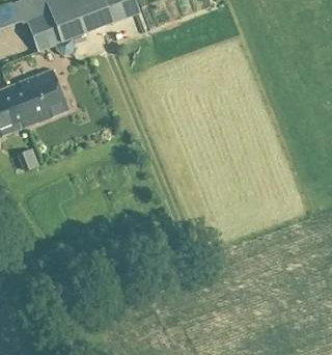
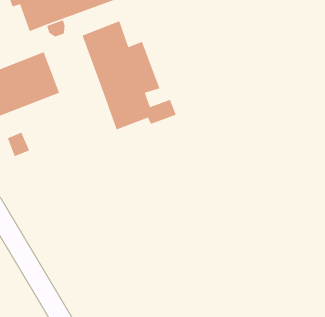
building: none -> [81,20,177,130]

